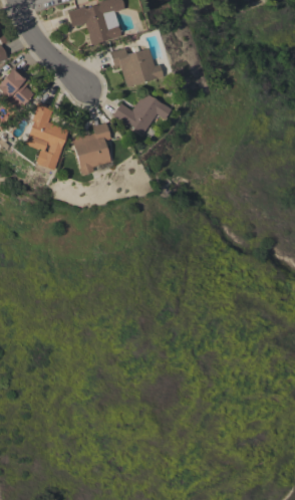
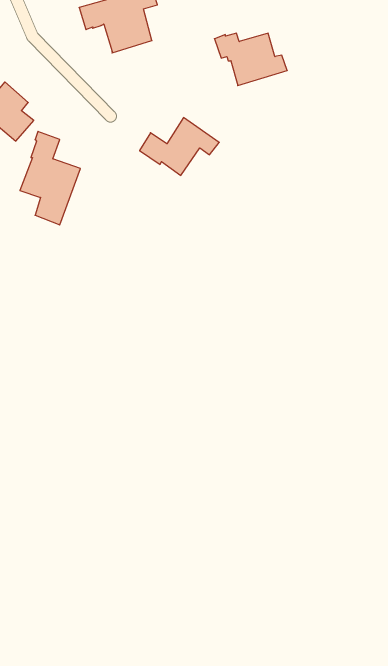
building: [110,48,164,86] -> [214,33,287,86]
building: [72,122,111,175] -> none

